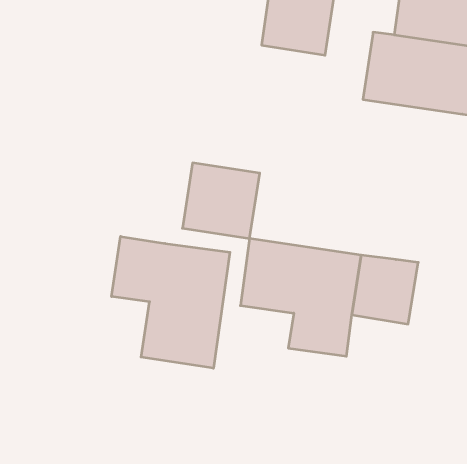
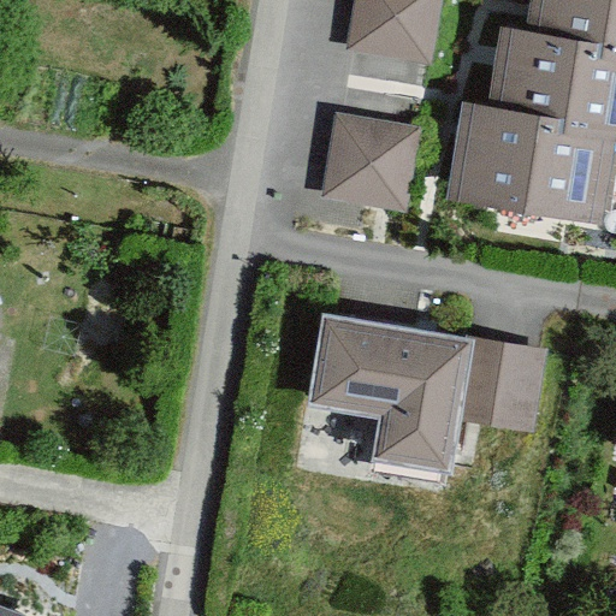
building: none -> [437,126,609,238]
building: [182,163,260,238] -> [319,118,420,217]
building: [112,236,230,368] -> none

